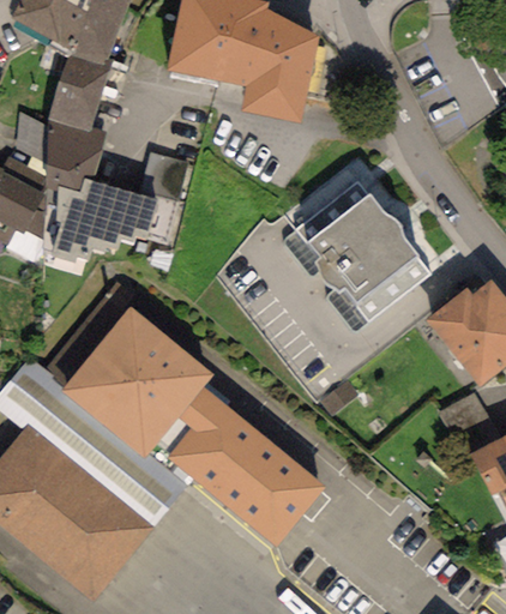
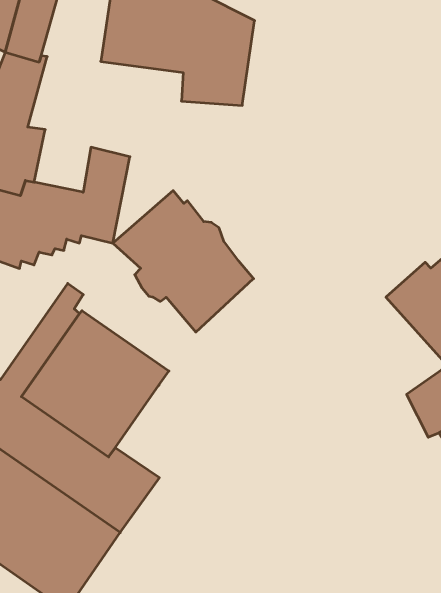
building: [295,183,429,323] -> [113,191,254,332]
building: [152,387,324,546] -> none

